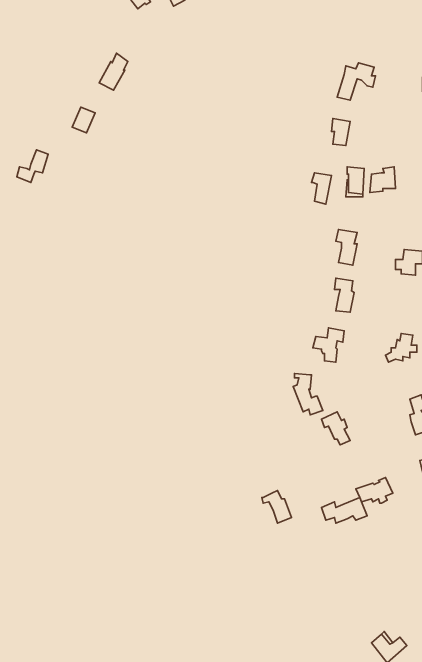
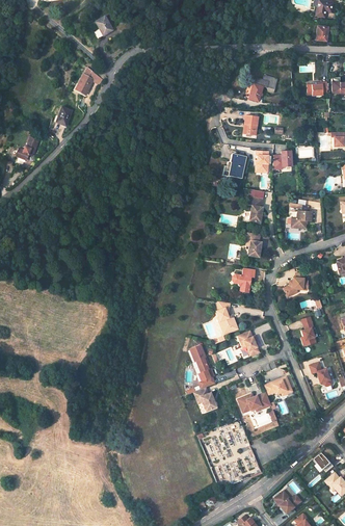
building: none -> [189,345,214,389]

